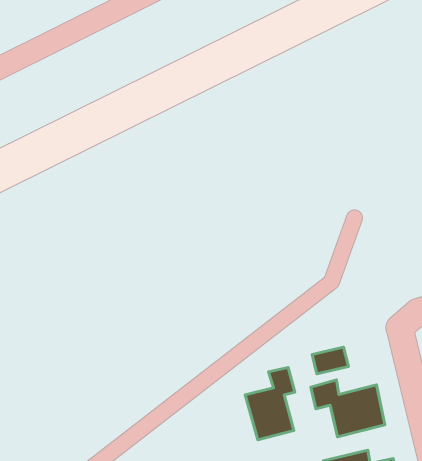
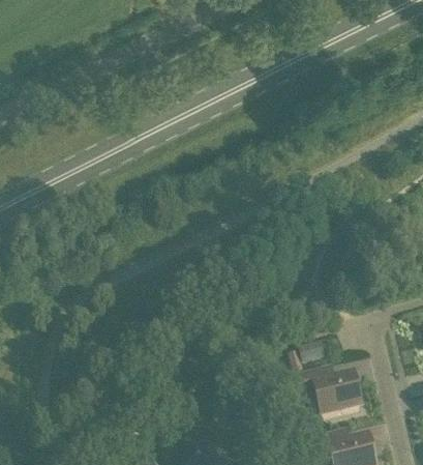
building: [245,368,295,440] -> none

